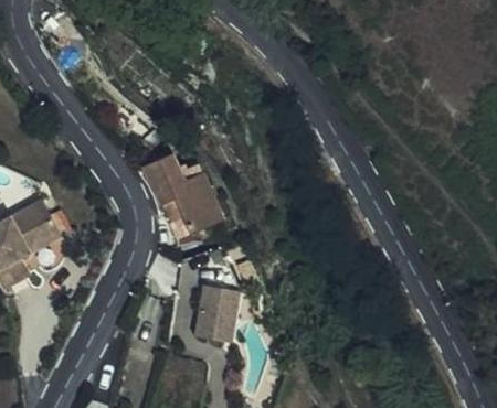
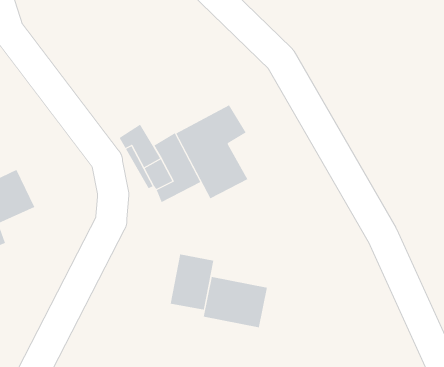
building: none -> [176,104,248,199]
building: none -> [203,276,268,328]

